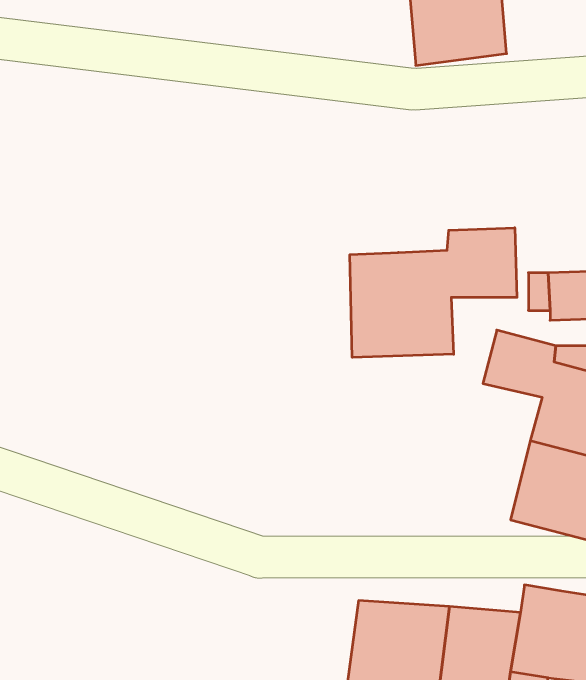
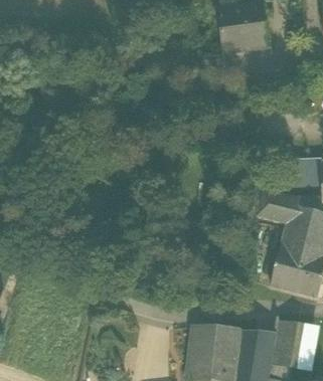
building: [350,228,517,357] -> none

